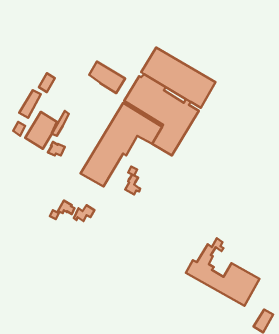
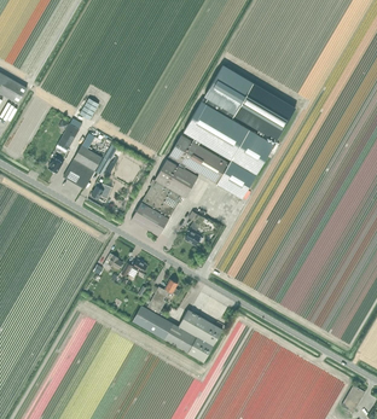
building: [89,62,125,93] -> none
building: [186,238,259,306] -> [133,279,222,361]

